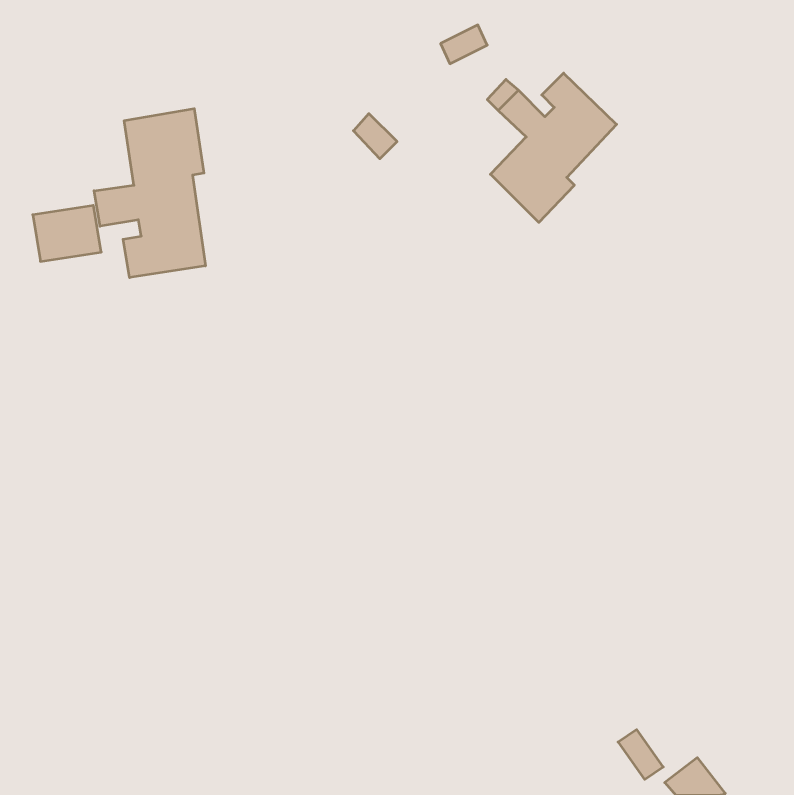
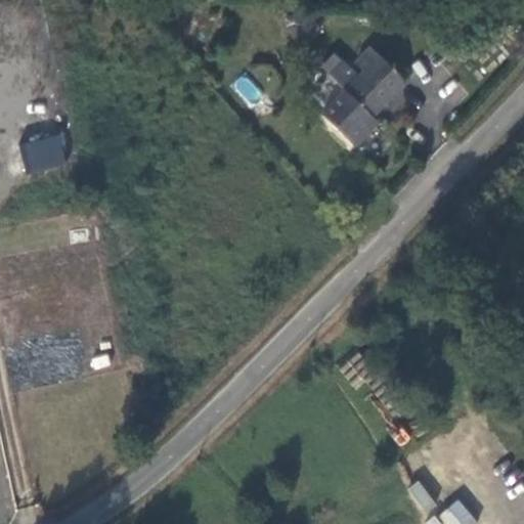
building: [94,109,205,278] -> none

